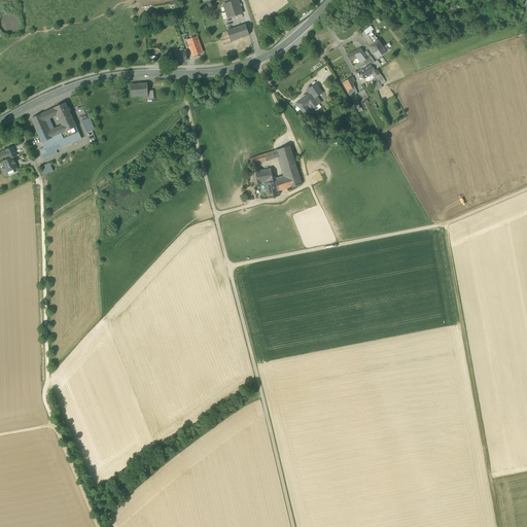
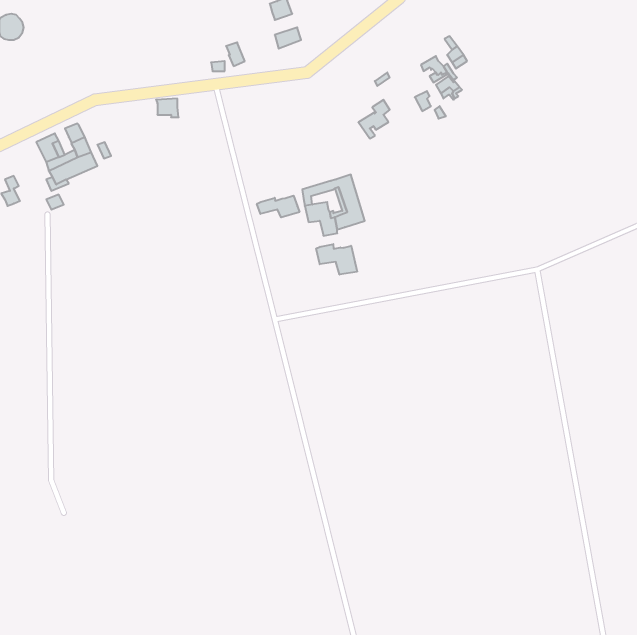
building: none -> [257,196,299,217]
building: none -> [316,244,357,275]

